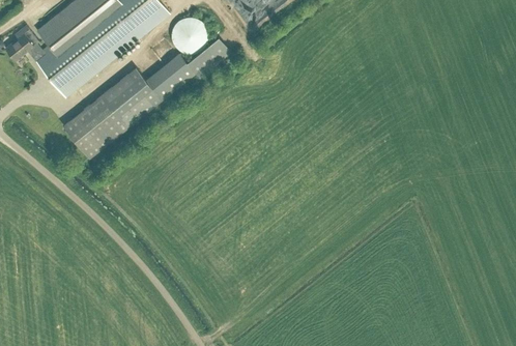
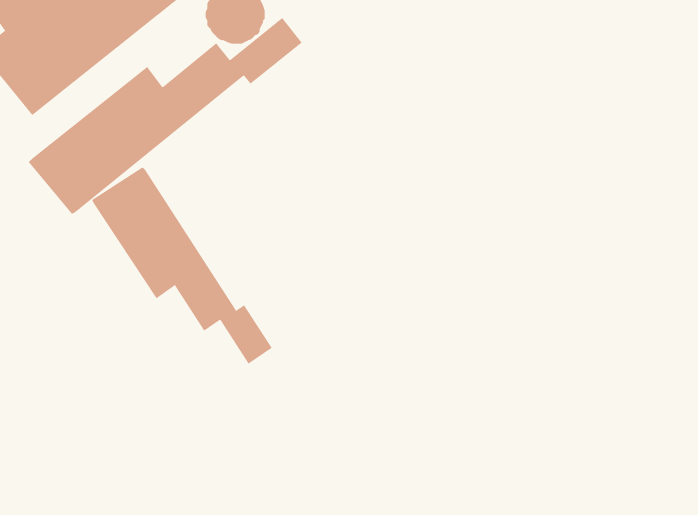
building: none -> [91,166,273,364]

